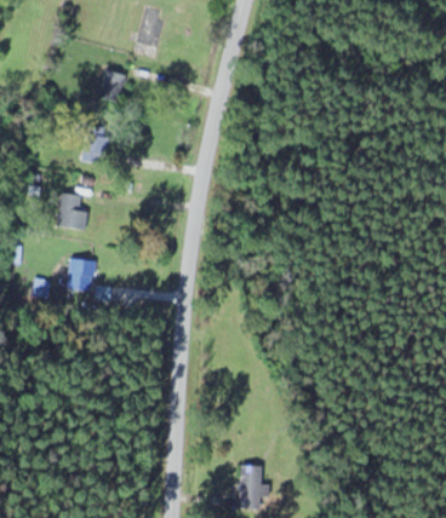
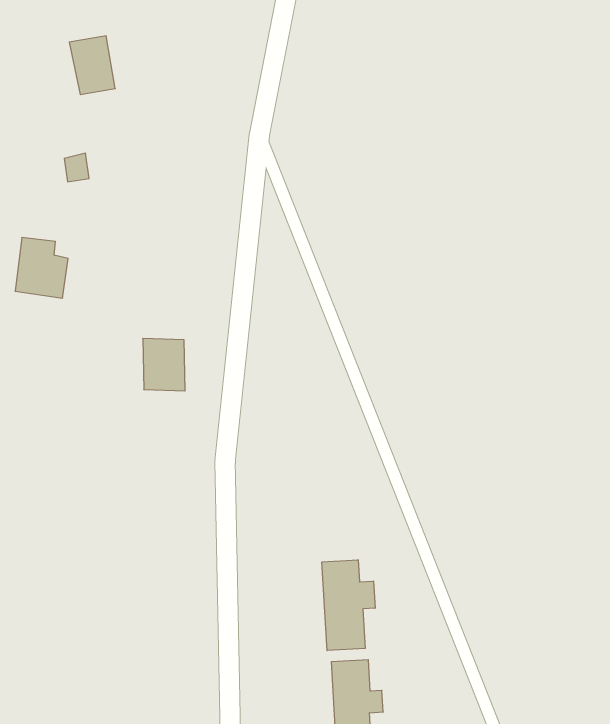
building: [65,257,92,290] -> [143,338,185,391]
building: none -> [322,560,375,651]

